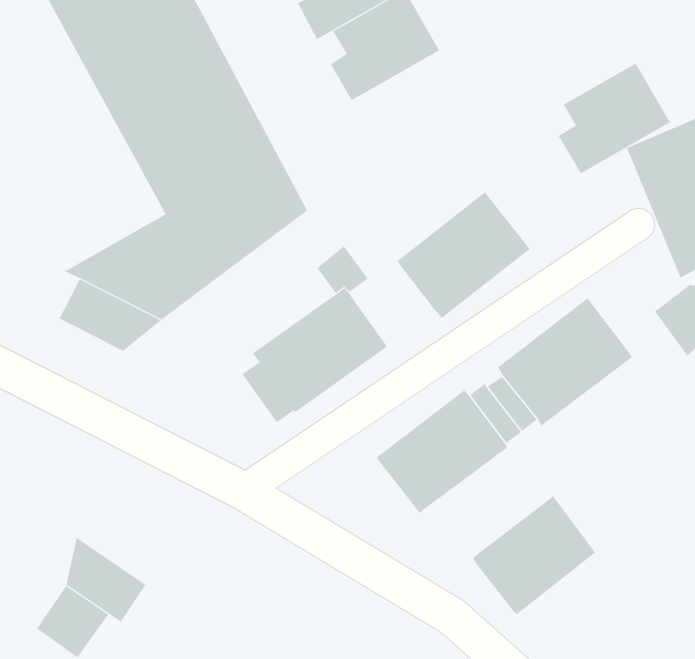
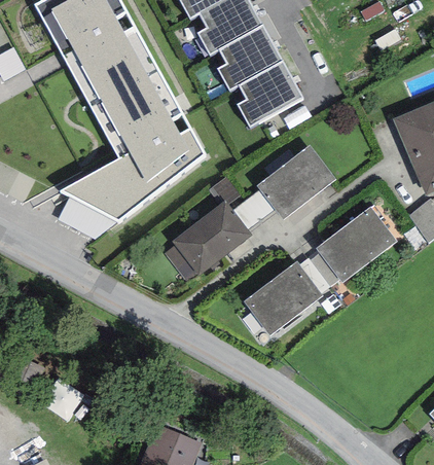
building: [558,63,671,174] -> [236,61,302,127]
building: none -> [232,189,277,233]
building: [472,496,596,615] -> none
building: [66,537,146,622] -> none

